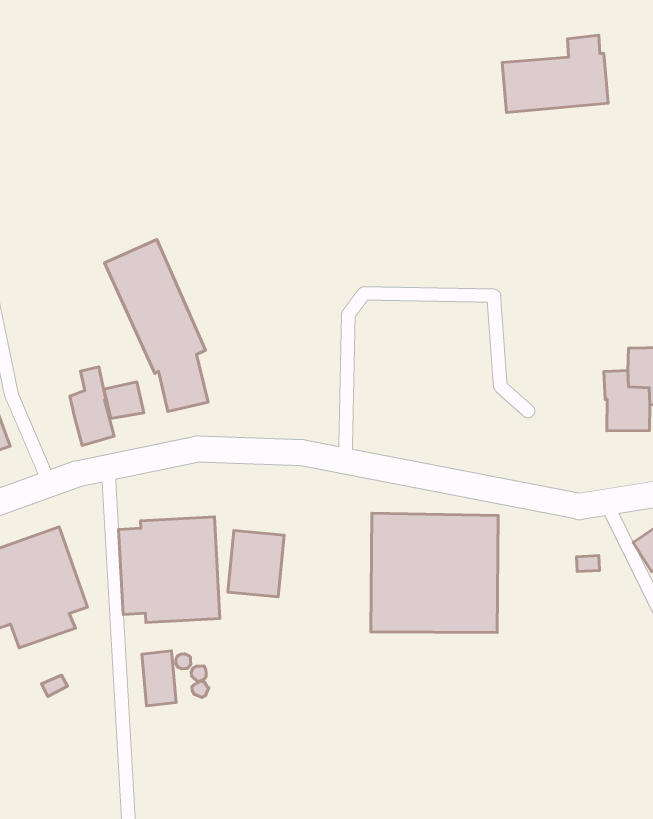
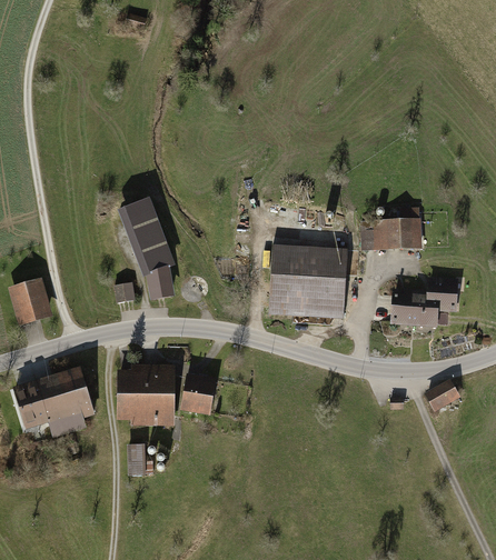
building: [502,35,608,112] -> [360,207,423,250]
building: [70,367,114,445] -> none
building: none -> [390,288,414,326]
building: [371,513,498,633] -> [268,243,348,319]

